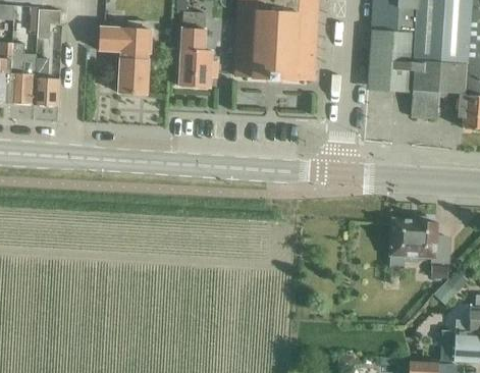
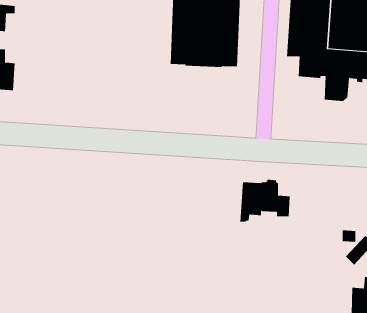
building: [179,11,217,88] -> none
building: [99,29,151,96] -> none
building: [391,218,449,267] -> [239,179,290,222]

